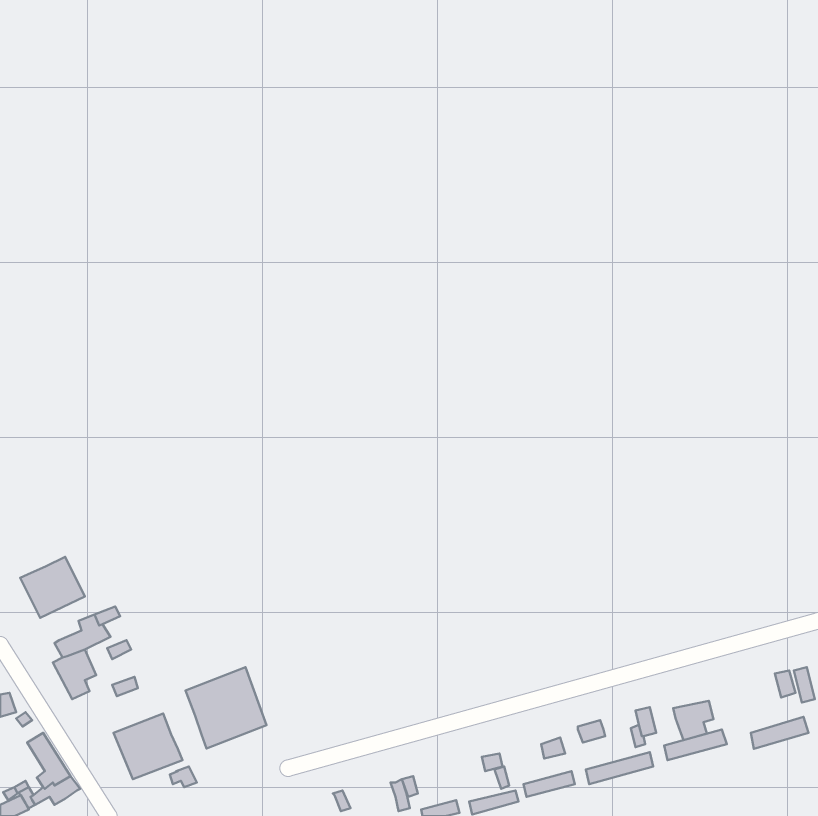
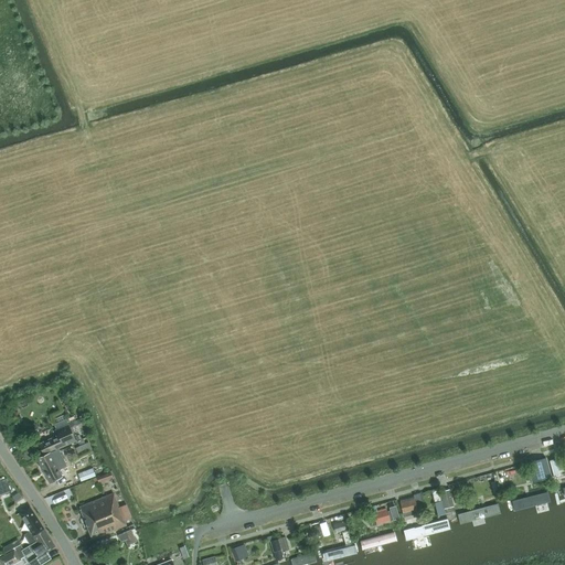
building: [20,557,85,618] -> none
building: [185,667,266,749] -> none
building: [673,701,714,740] -> none

